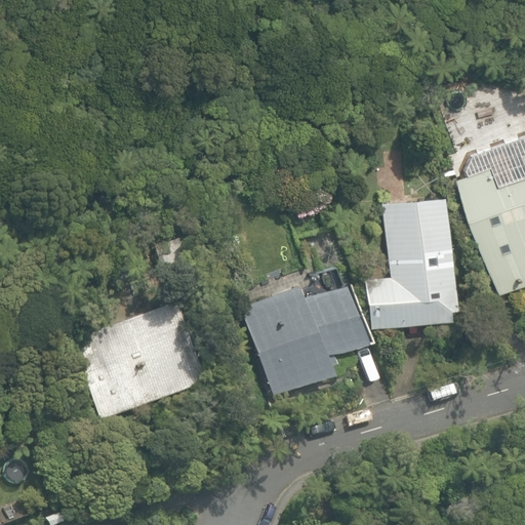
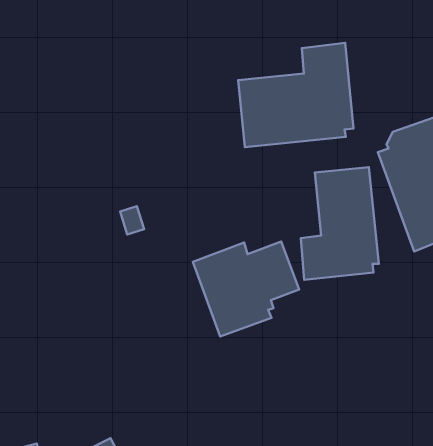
building: none -> [238,43,354,147]
building: [74,308,204,423] -> none

